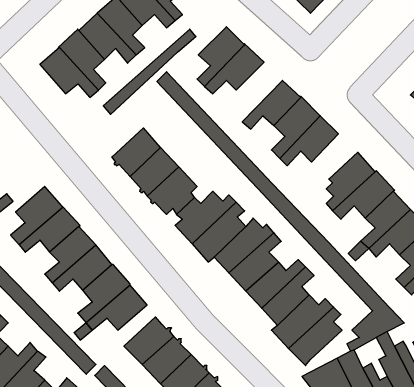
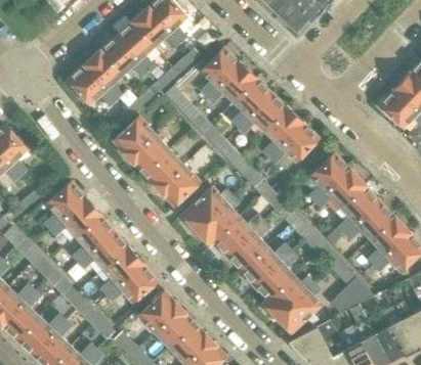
building: none -> [231,78,271,128]
building: none -> [113,117,155,157]

